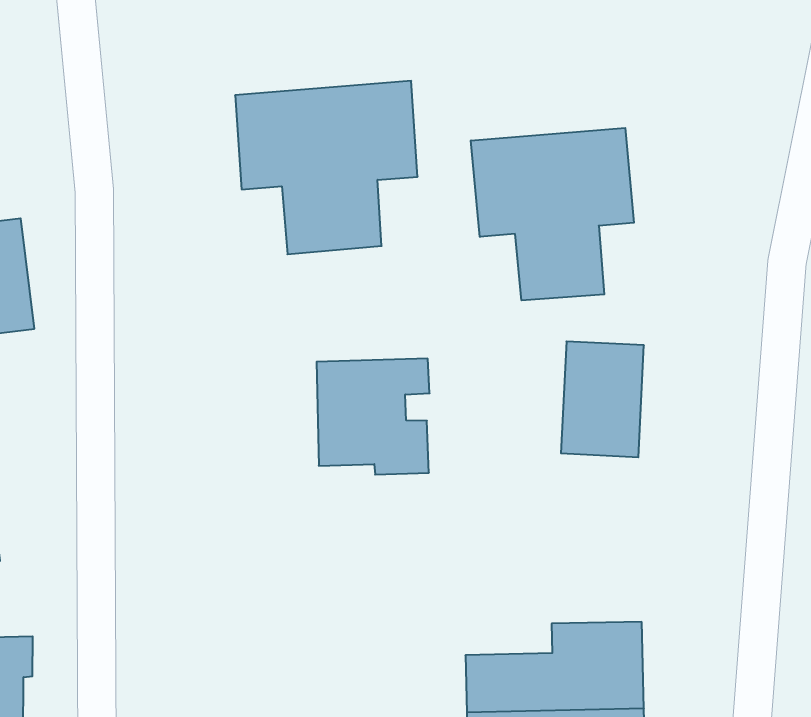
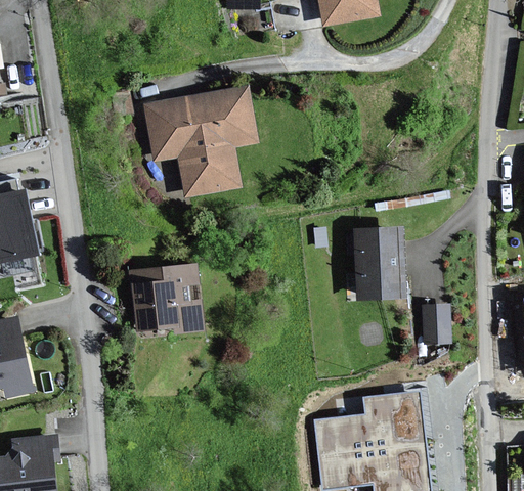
building: [471,128,634,300] -> none
building: [317,359,430,475] -> [131,262,204,333]
building: none -> [422,304,449,342]

